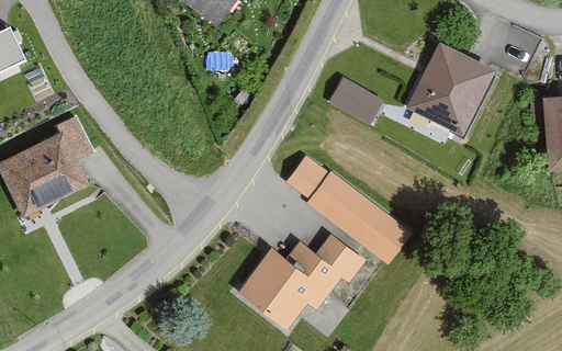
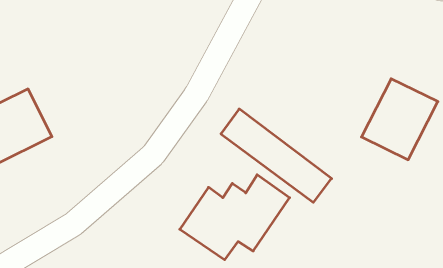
building: [408,41,496,134] -> [361,79,438,160]
building: [328,79,384,127] -> none

